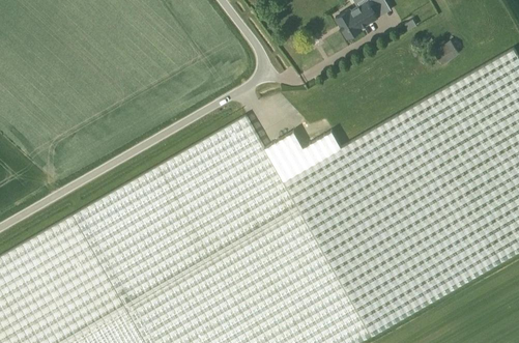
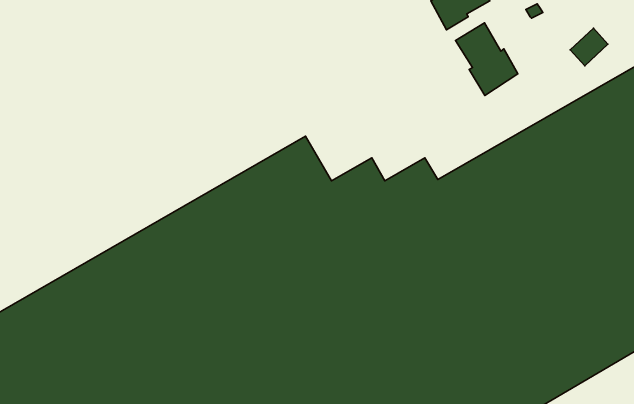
building: none -> [455,23,518,96]

